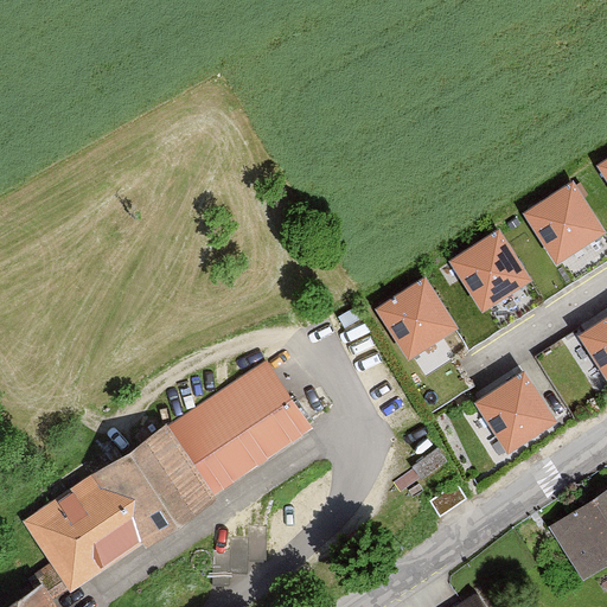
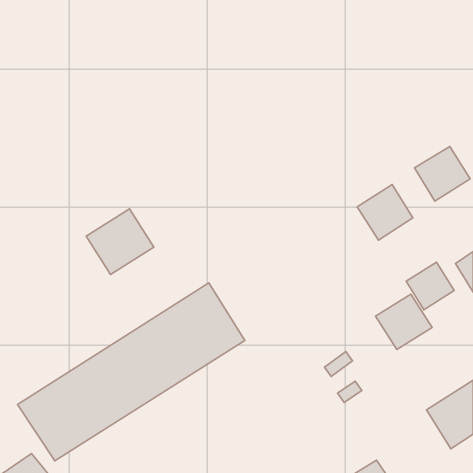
building: none -> [86,209,154,274]
building: [381,283,452,353] -> none
building: none -> [406,262,454,310]

